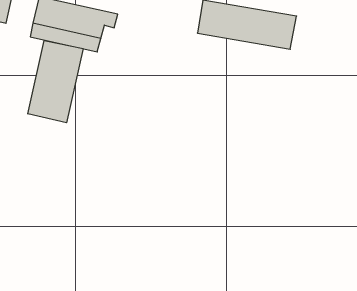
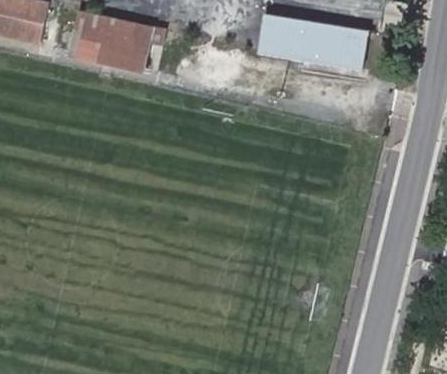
building: [28,40,83,123] -> none

